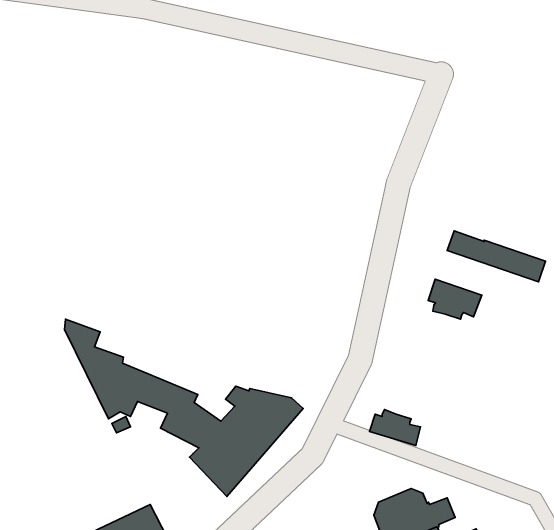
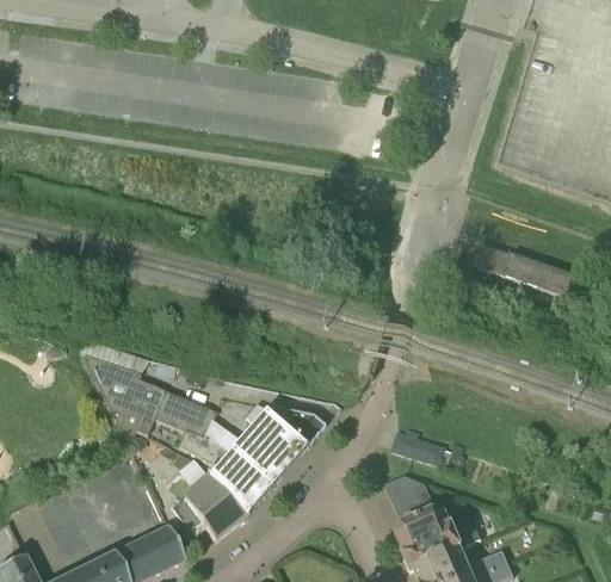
building: [428,279,482,319] -> none
building: none -> [173,462,246,543]
building: none -> [385,476,433,515]

